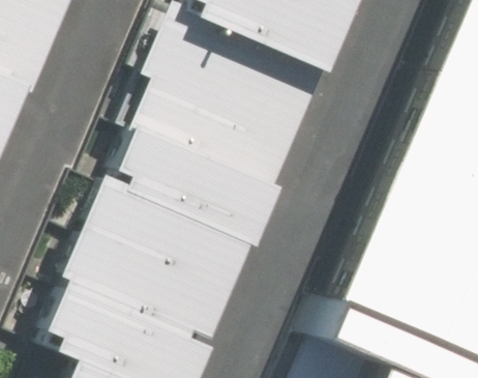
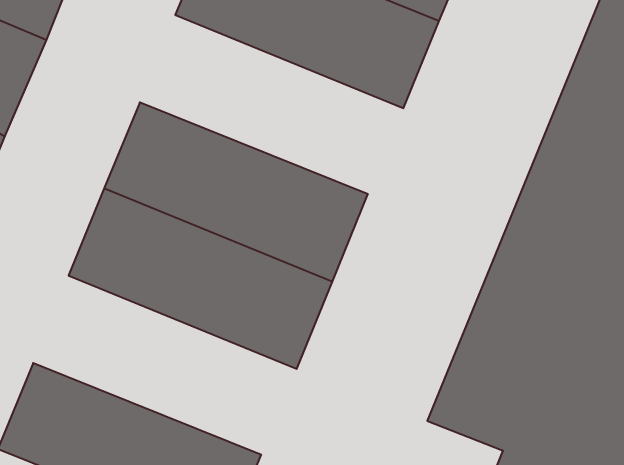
building: [119,48,303,173] -> none
building: [44,230,229,355] -> none

